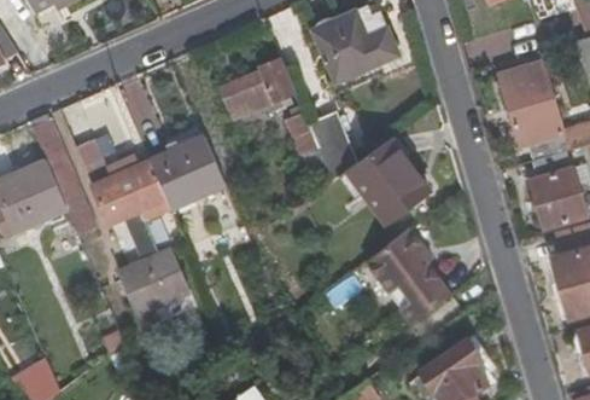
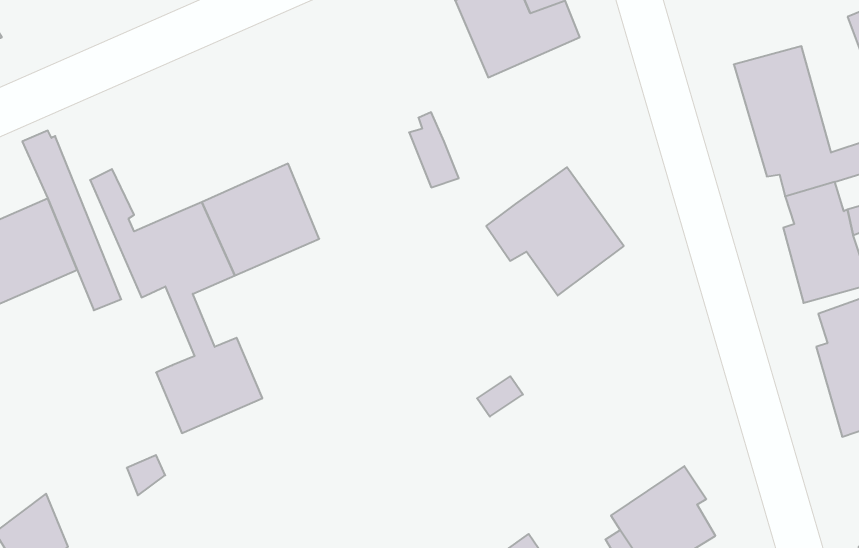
building: [220,59,294,118] -> none
building: [308,114,355,181] -> none
building: [368,232,450,320] -> none

